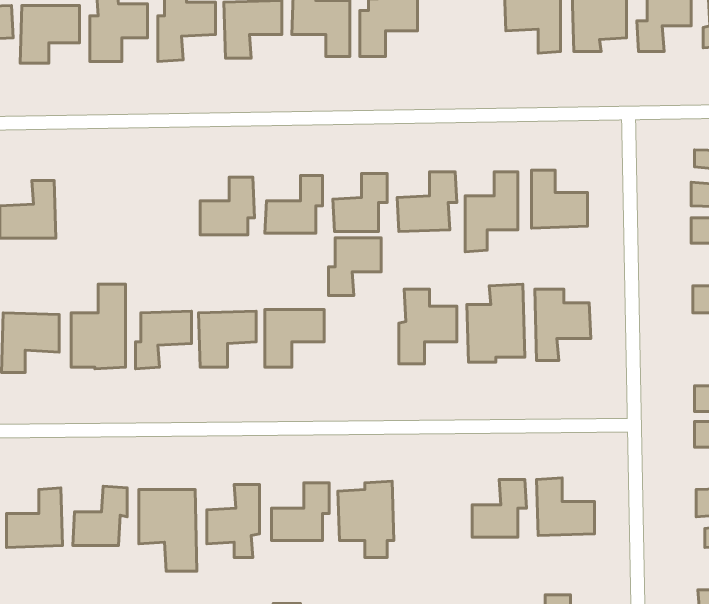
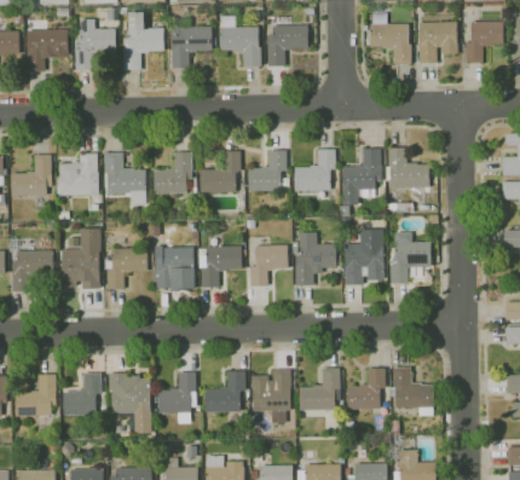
building: none -> [58,152,99,196]
building: none -> [105,152,146,206]
building: [328,238,381,296] -> [250,245,288,287]
building: none -> [299,368,340,410]

